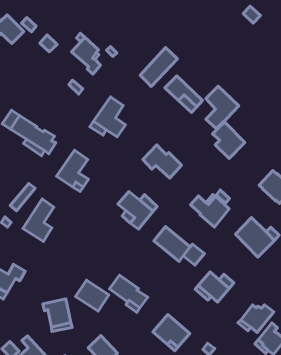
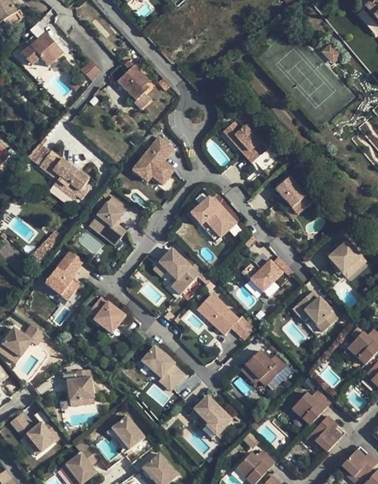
building: [140,48,177,87] -> none
building: [206,86,239,129] -> none
building: [76,280,109,311] -> [86,296,125,333]

